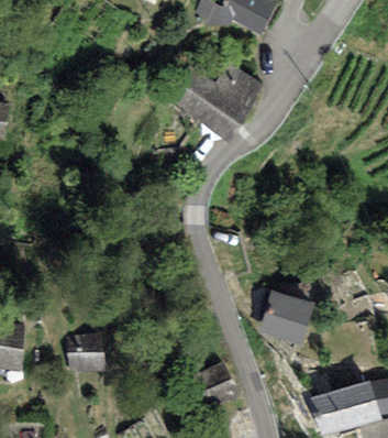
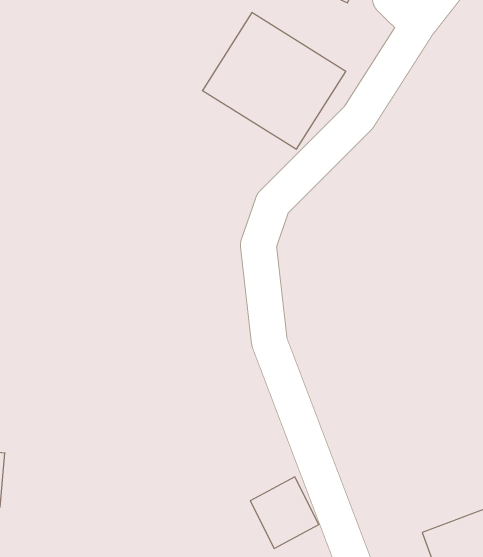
building: [260,291,313,342] -> none
building: [66,331,108,374] -> none

